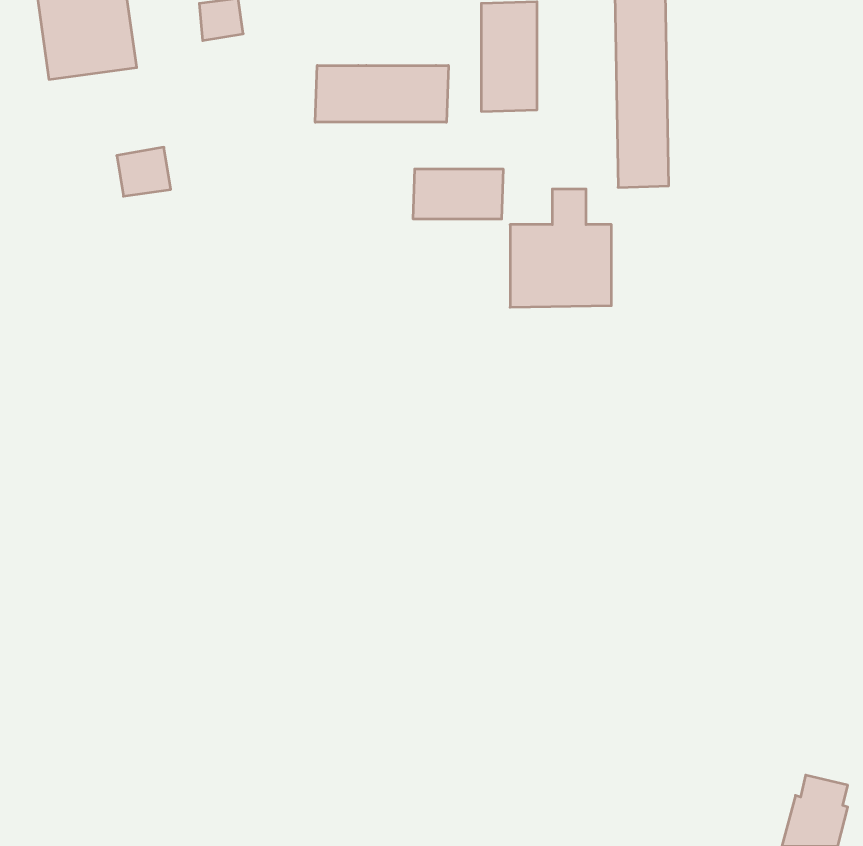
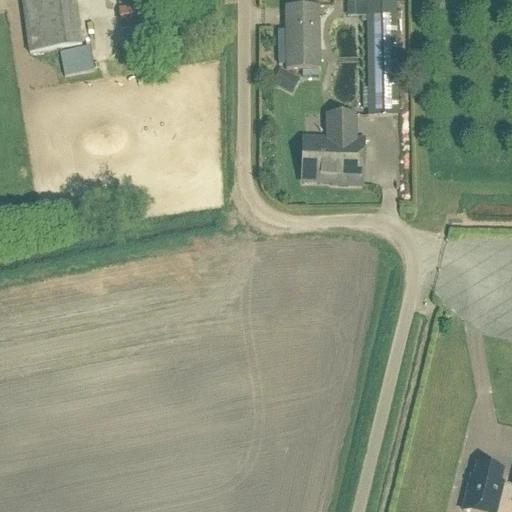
building: [315,65,448,122] -> none
building: [117,147,171,196] -> [62,40,94,69]
building: [413,169,503,219] -> none

